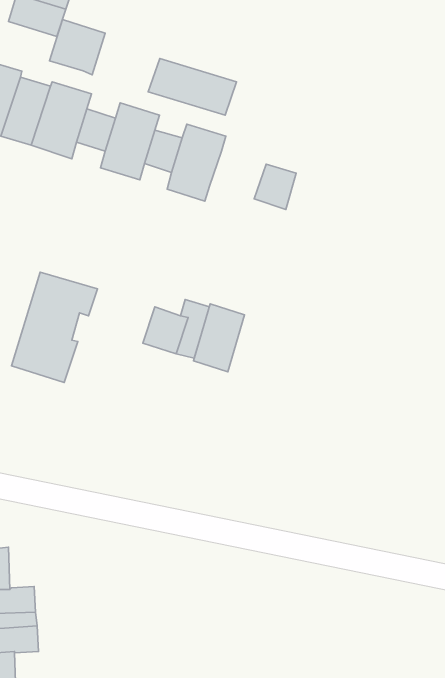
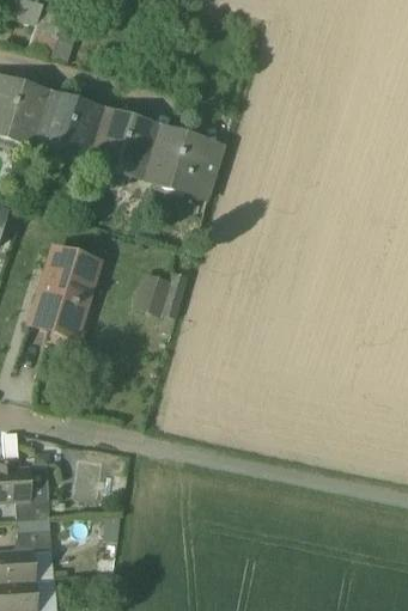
building: [49,19,105,75] -> none
building: [148,58,236,115] -> none
building: [254,164,296,210] -> [188,151,221,187]
building: [193,304,245,372] -> none

